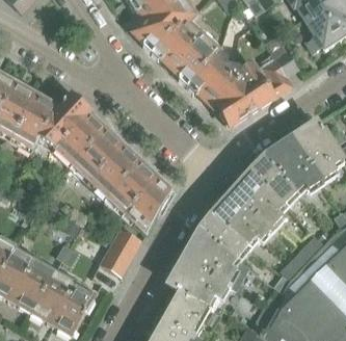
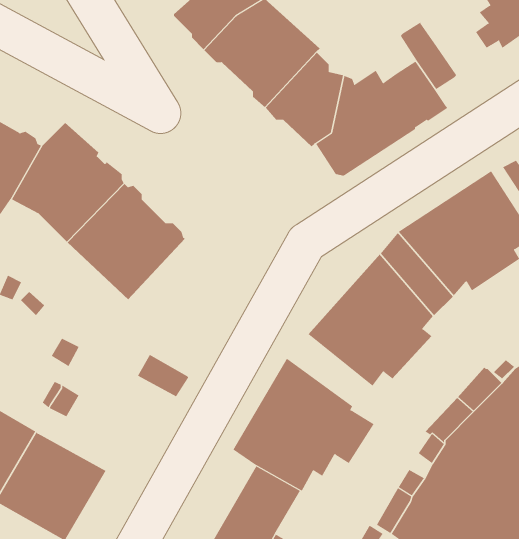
building: [107,160,171,233] -> none
building: [198,215,248,257] -> none
building: [100,239,135,274] -> none

